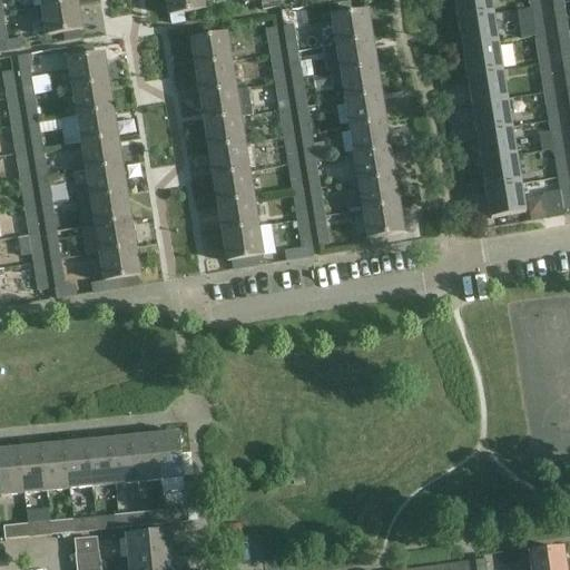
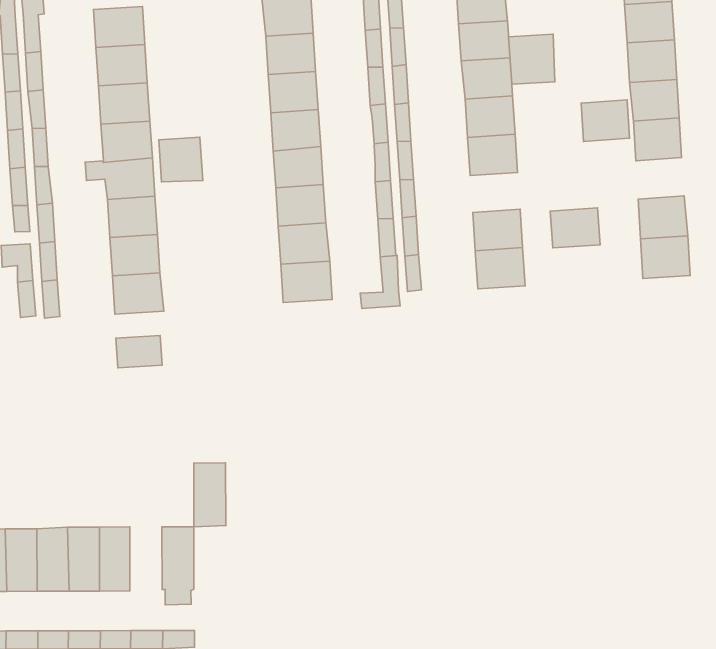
building: none -> [509,34,555,84]
building: [476,125,514,158] -> [581,100,630,141]
building: none -> [159,137,203,182]
building: [356,147,395,179] -> [550,208,600,248]
building: none -> [116,335,162,368]
building: [131,431,159,480] -> [194,463,226,527]

